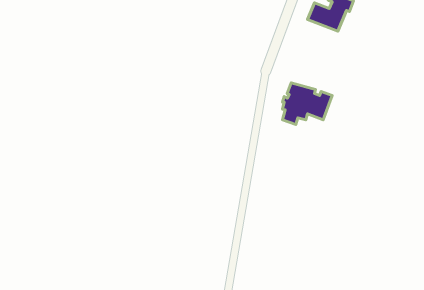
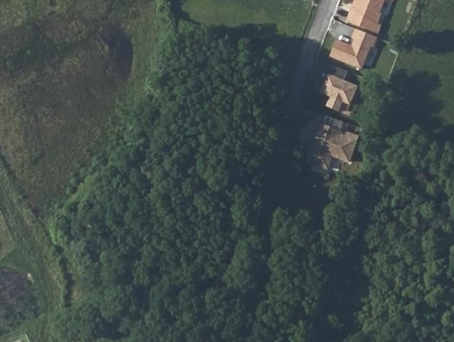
building: none -> [319,64,354,109]

